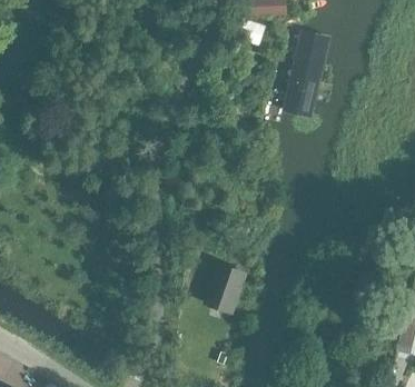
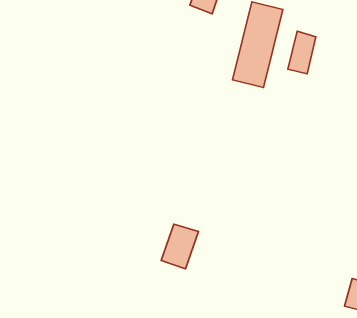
building: none -> [288,31,316,74]

